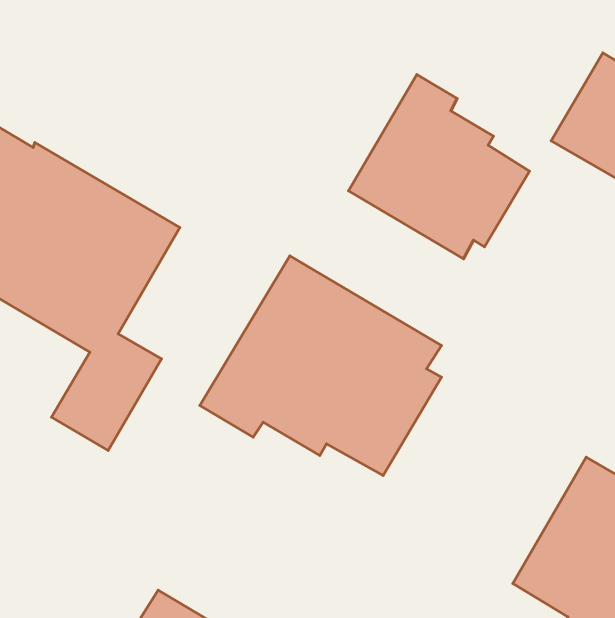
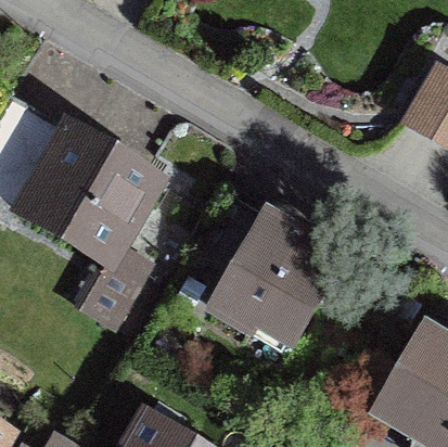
building: [349,75,530,259] -> none

